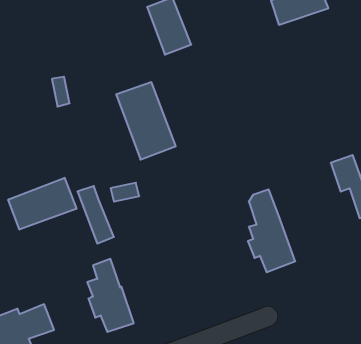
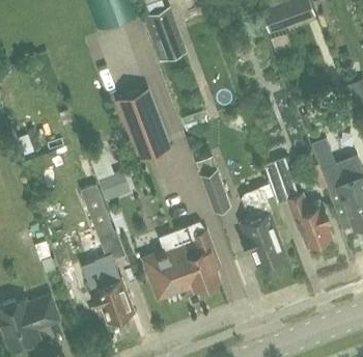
building: none -> [263,158,331,246]
building: none -> [200,170,230,213]
building: [8,178,76,230] -> none
building: none -> [141,226,219,298]

